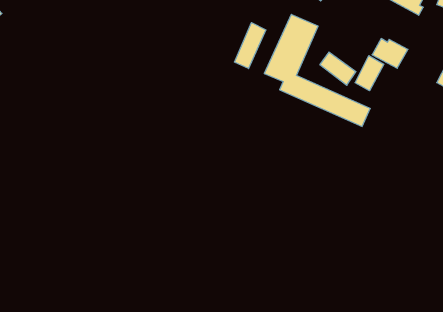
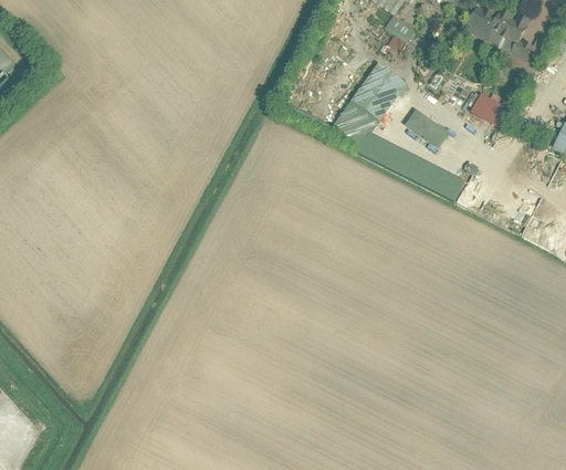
building: [235,23,266,69] -> none
building: [355,56,384,91] -> none

